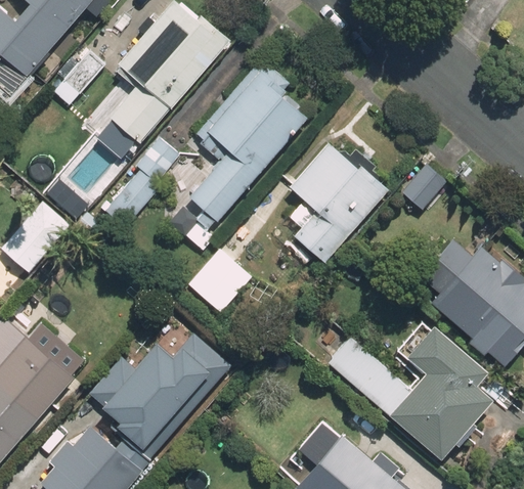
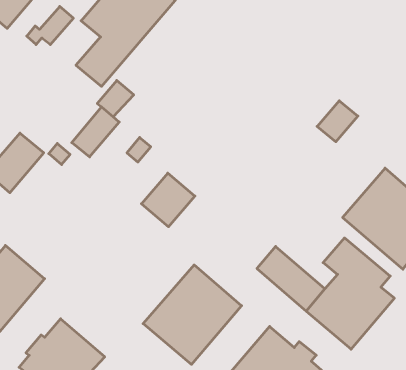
building: [189,58,308,221] -> none
building: [280,140,388,277] -> none
building: [92,331,211,451] -> [143,265,242,364]

